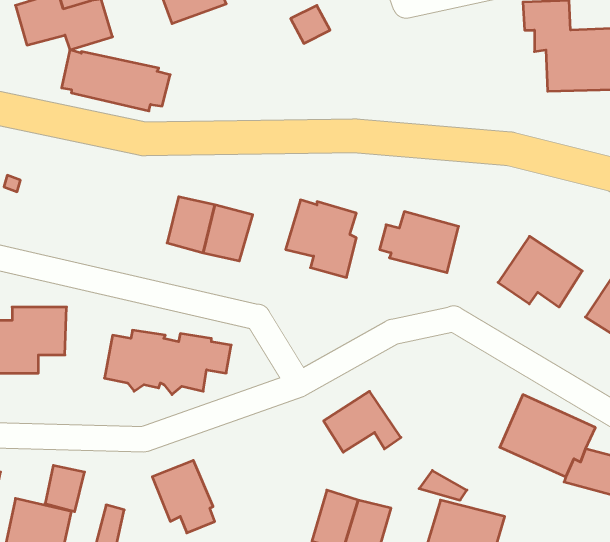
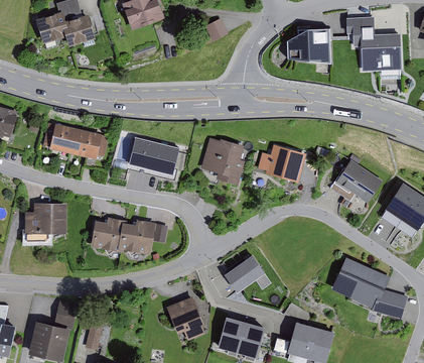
building: none -> [286,27,330,64]
building: [62,50,170,111] -> [42,123,109,160]
building: [152,460,215,533] -> [166,296,204,341]

